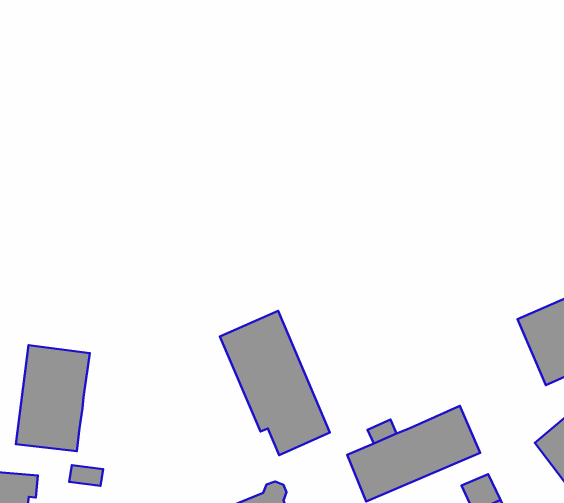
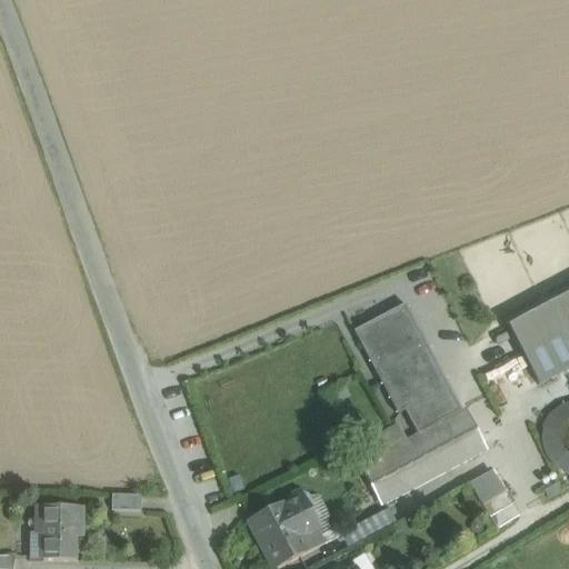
building: [220,311,330,455] -> [353,301,461,432]
building: [16,345,90,451] -> none

